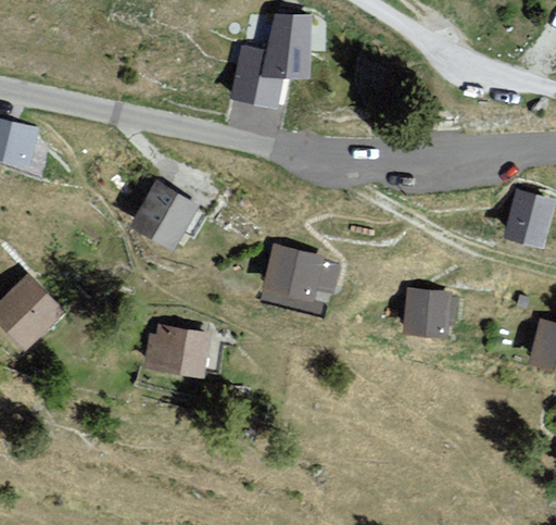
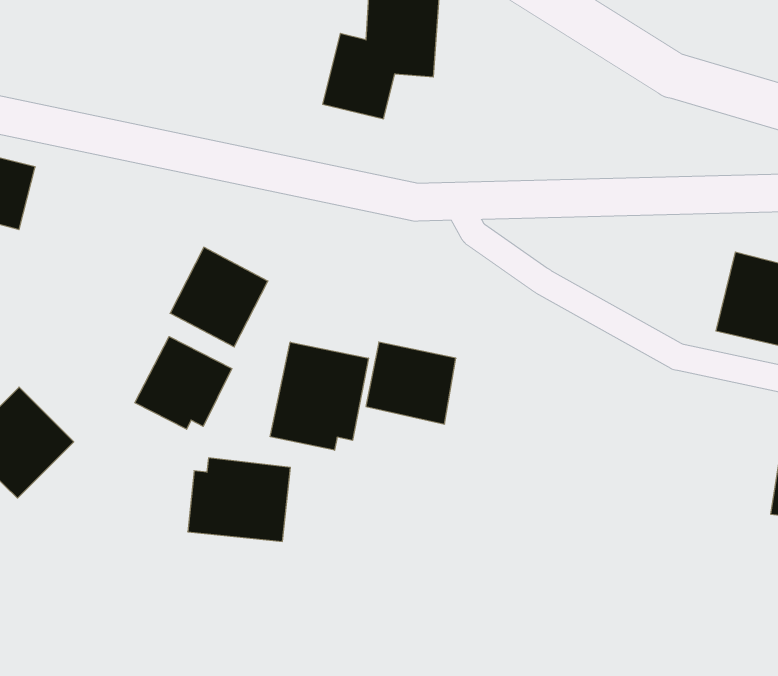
building: none -> [135,337,232,429]
building: none -> [270,342,368,450]
building: [403,291,454,339] -> none

